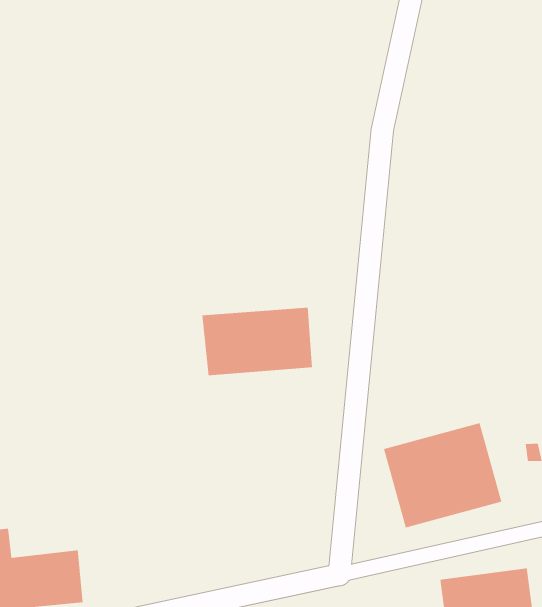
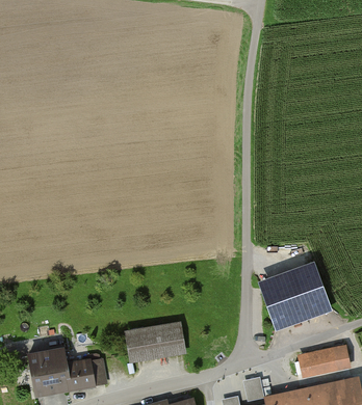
building: [202,307,313,376] -> [123,321,185,362]

